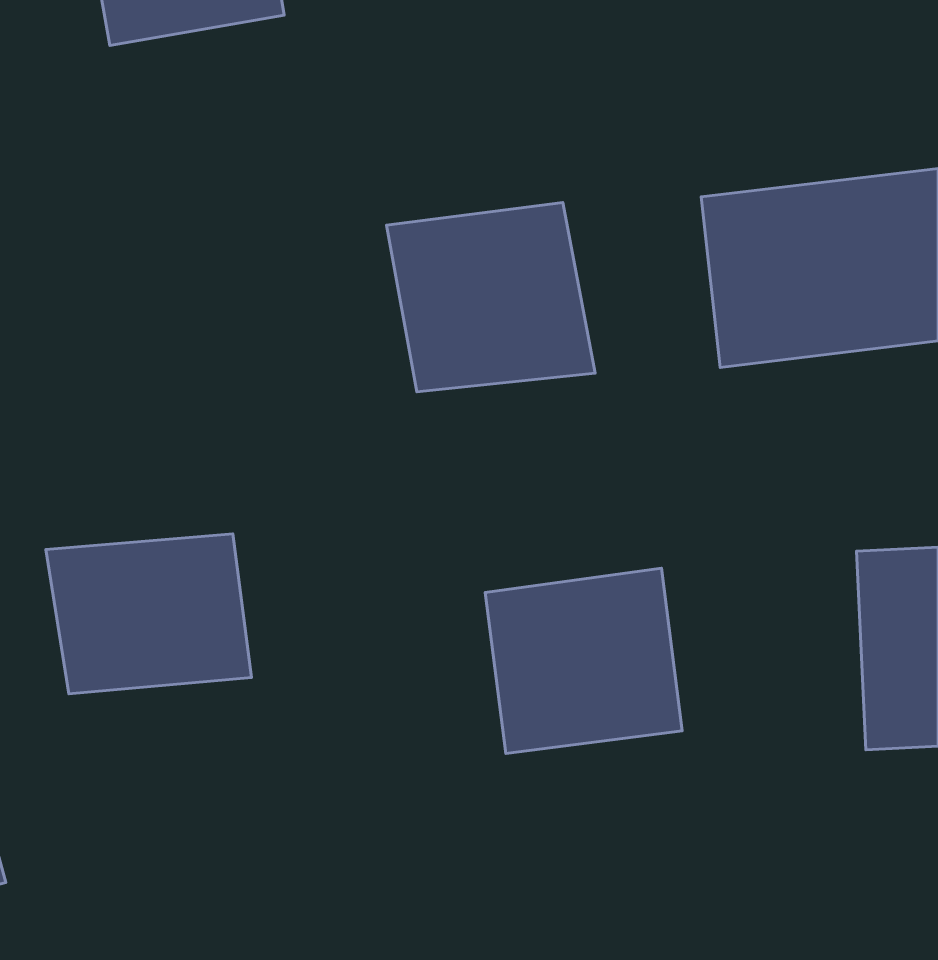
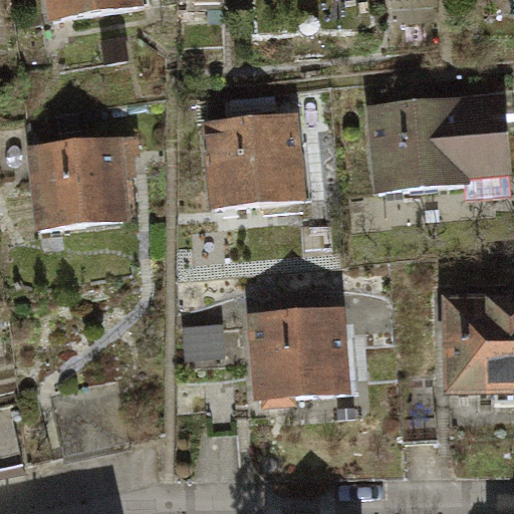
building: none -> [27,132,132,230]
building: [46,534,251,694] -> none

